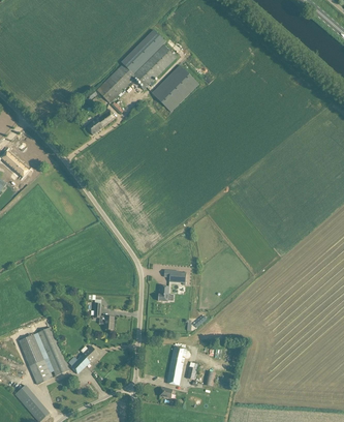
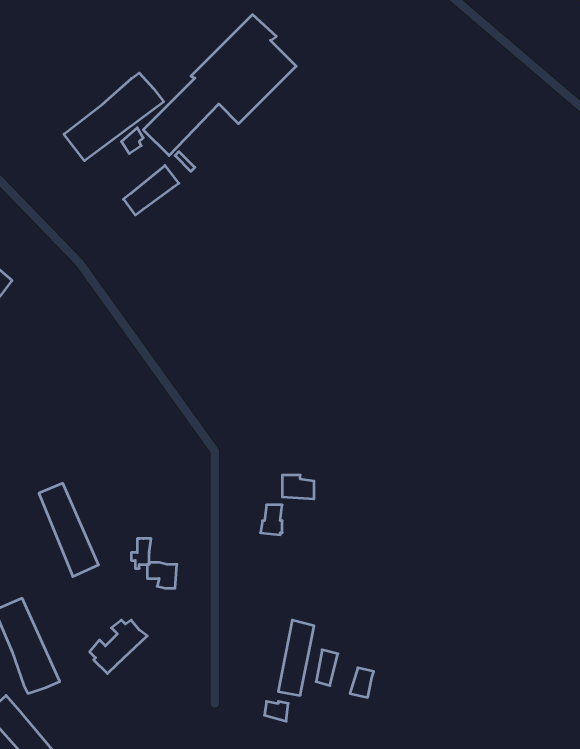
building: none -> [64,73,164,161]
building: [151,65,197,112] -> none
building: [37,327,68,375] -> [39,483,99,577]

